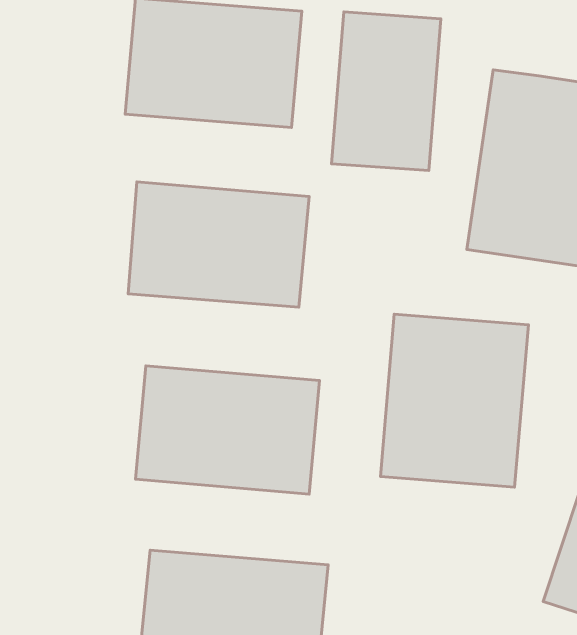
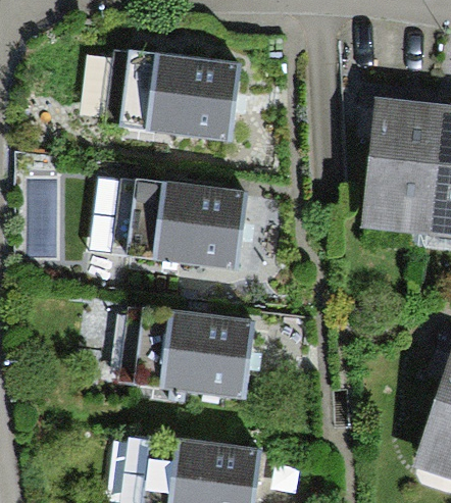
building: [332,12,441,171] -> none
building: [381,314,528,487] -> none

